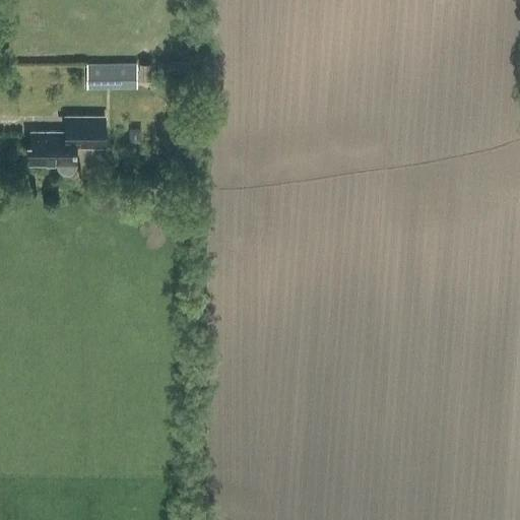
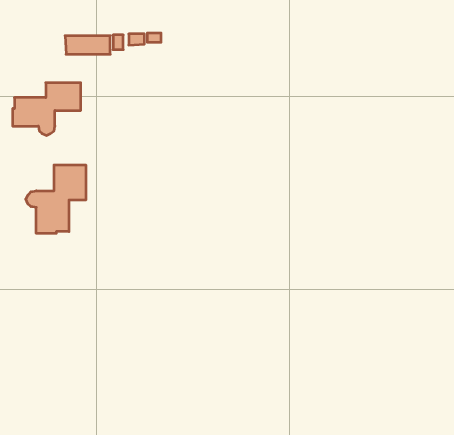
building: none -> [26,165,86,233]

